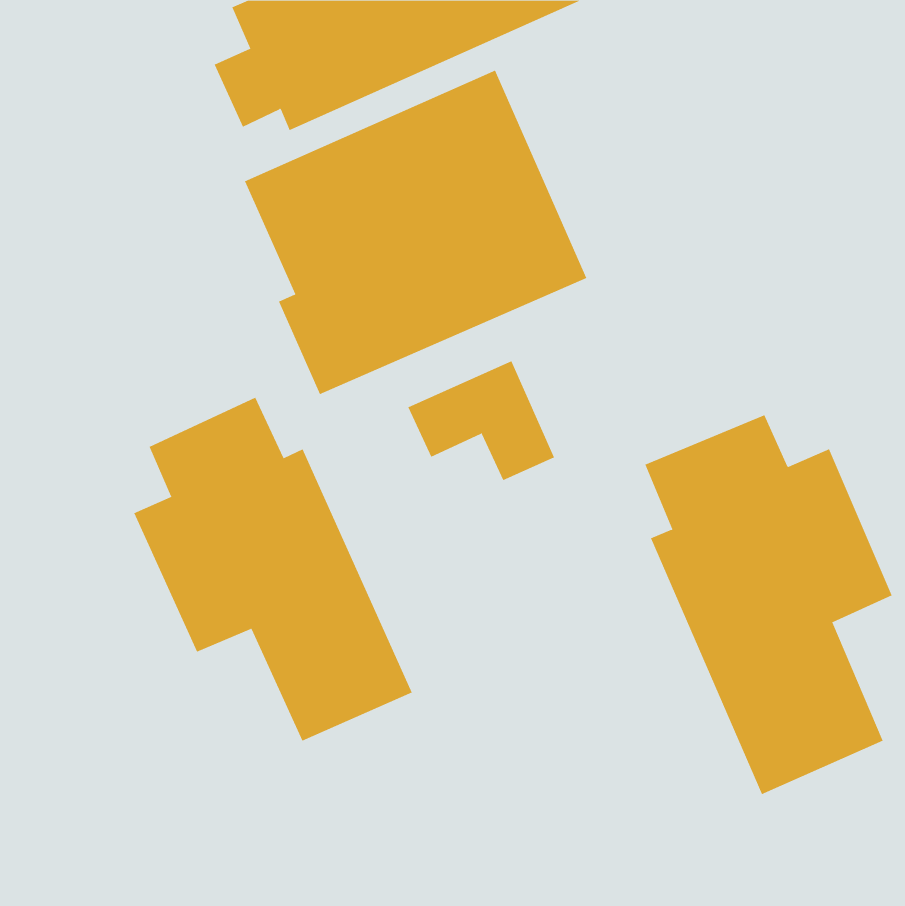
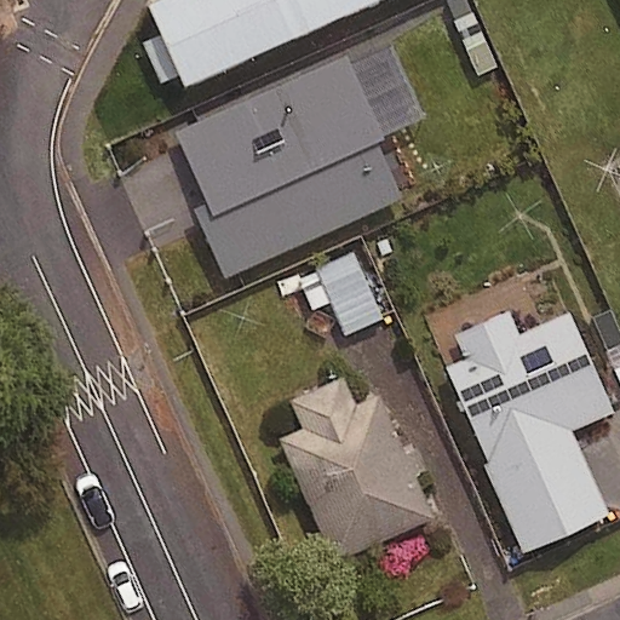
building: [133,397,413,741] -> none
building: none -> [280,375,454,558]

